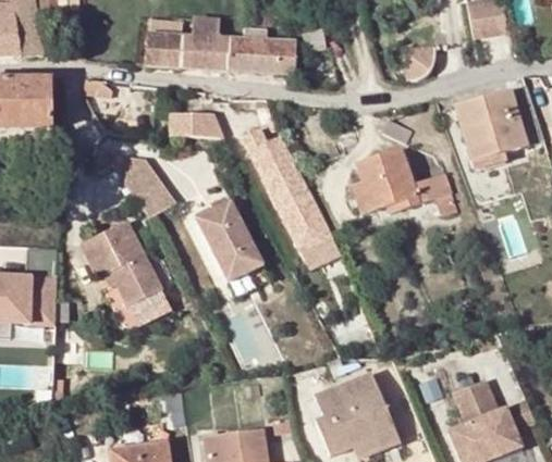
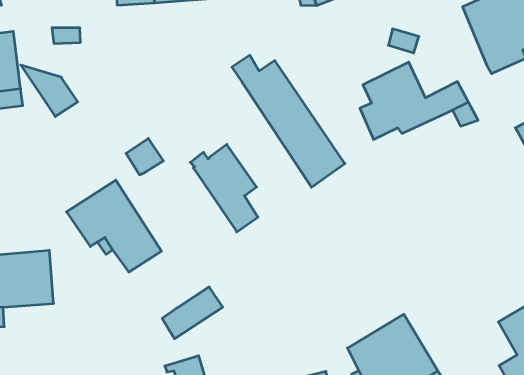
building: [174,115,228,141] -> none
building: [113,148,160,198] -> [21,65,78,117]
building: [113,289,169,332] -> [162,287,223,339]

